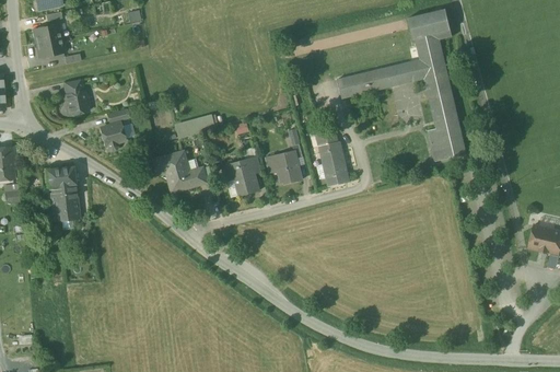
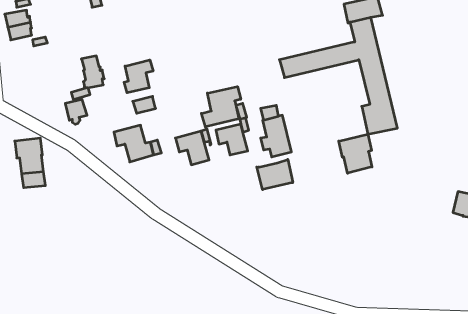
building: [63,79,89,114] -> [81,56,104,88]
building: none -> [124,60,153,93]
building: none -> [201,87,241,127]
building: none -> [339,134,372,173]
building: none -> [257,159,293,190]

